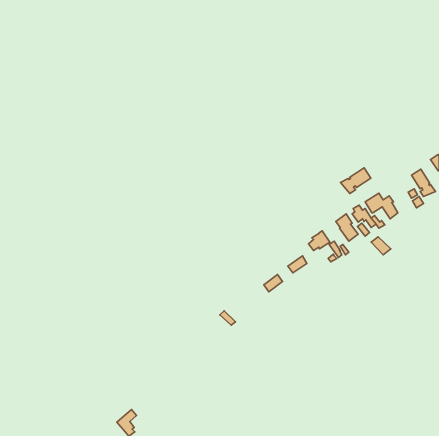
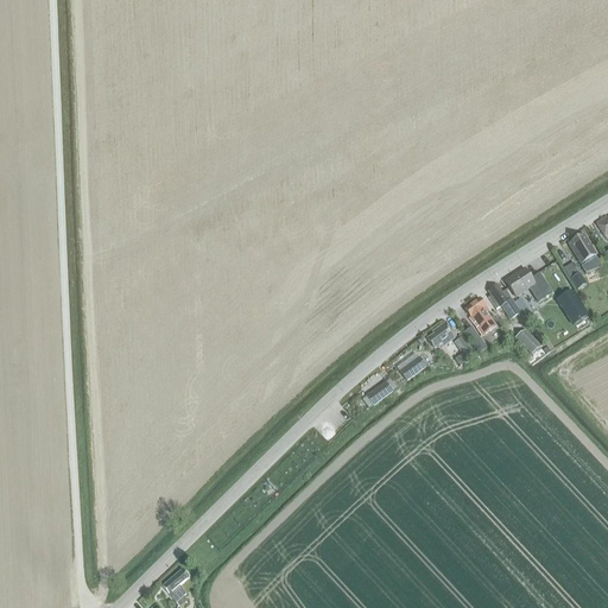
building: [340,168,371,193] -> none
building: none -> [556,289,587,323]

